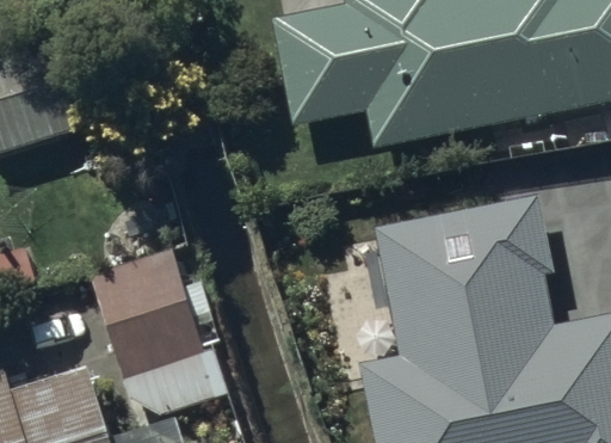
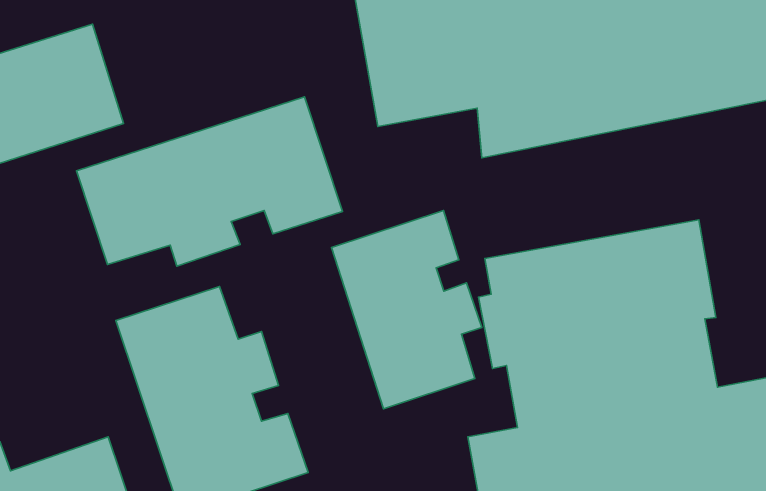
building: none -> [76,97,342,266]
building: none -> [331,210,482,409]

